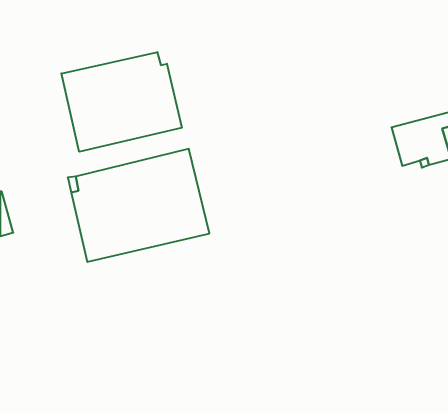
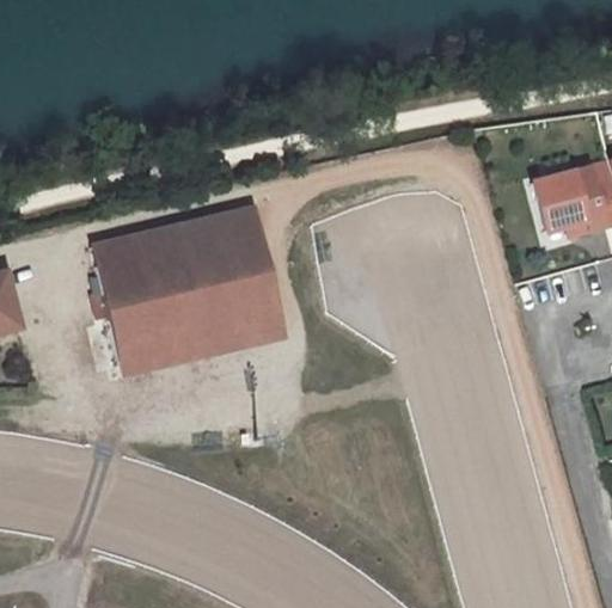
building: [61,52,182,152] -> none

